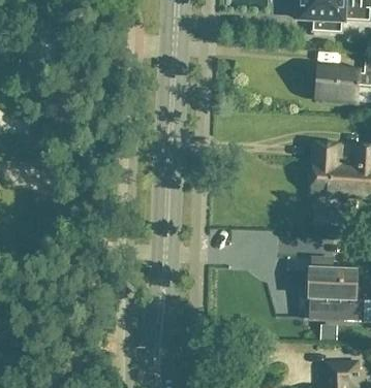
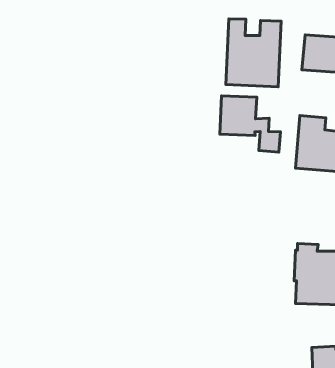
building: none -> [226,19,281,87]
building: none -> [220,96,280,152]

